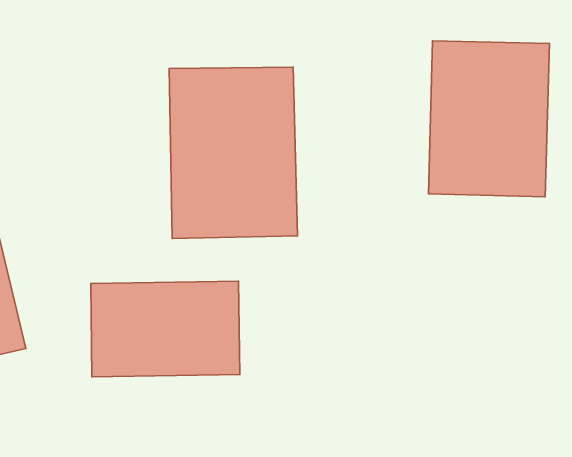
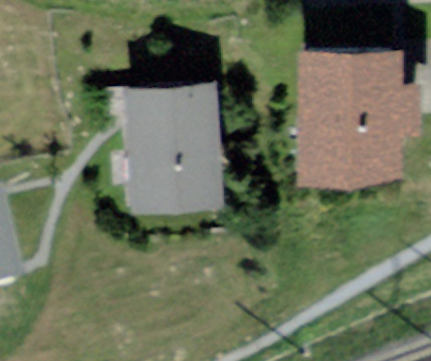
building: [91,281,240,377] -> none

